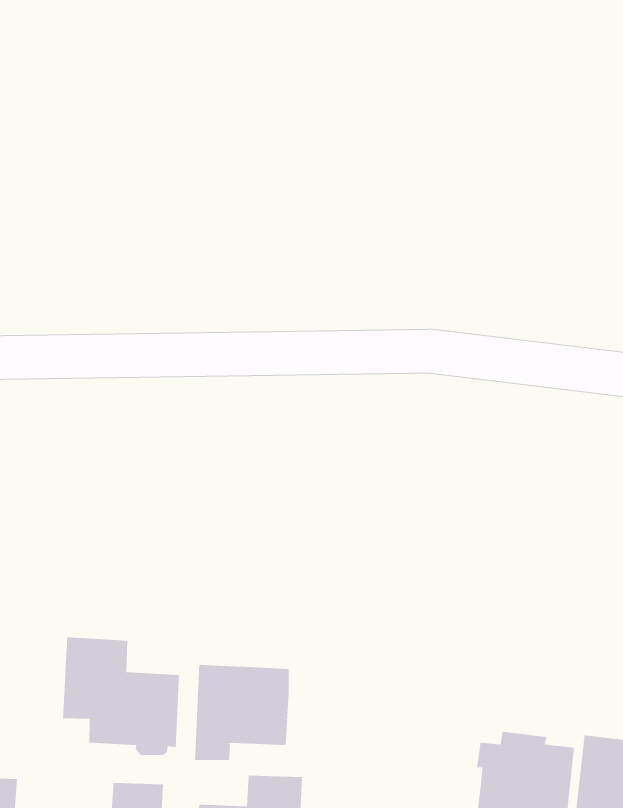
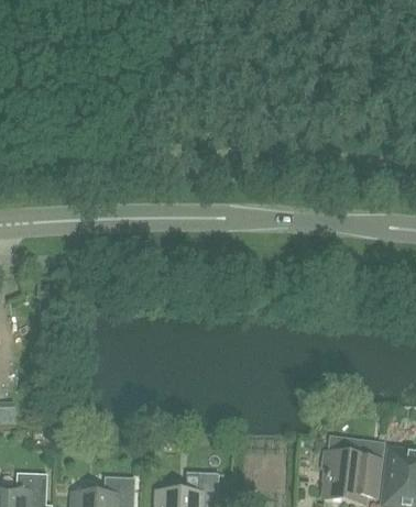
building: [63,636,180,756] -> none
building: [194,664,289,761] -> none

